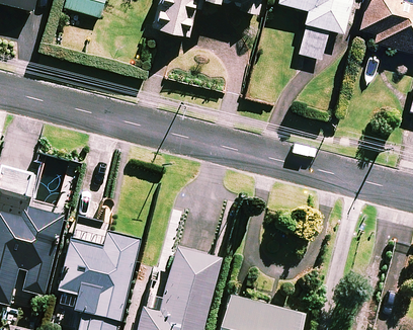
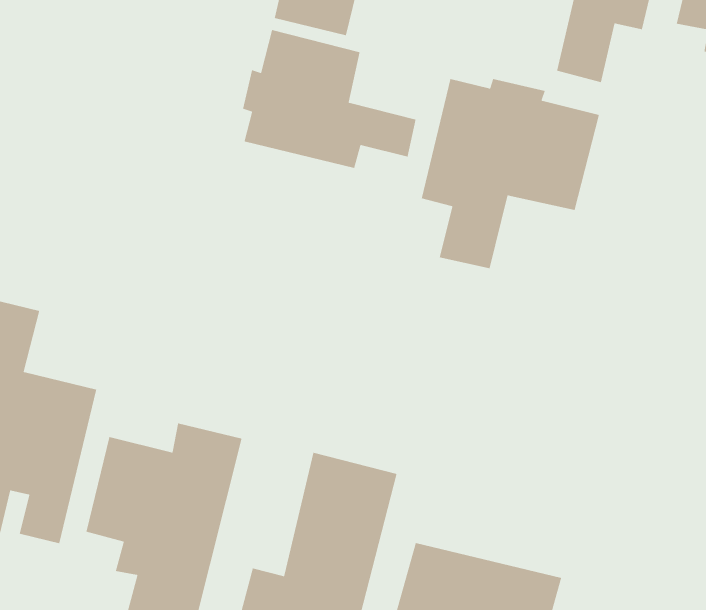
building: none -> [242,29,417,169]
building: none -> [421,78,600,269]

